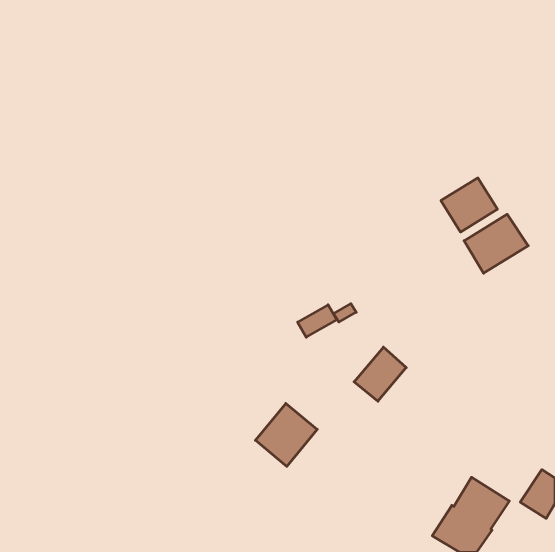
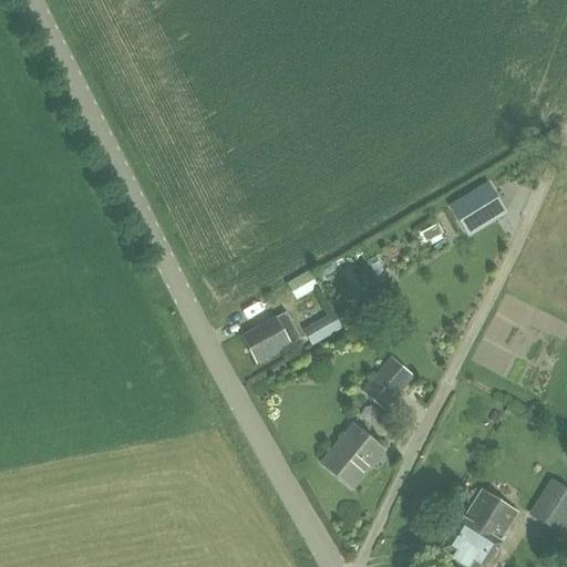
building: [464,214,528,273] -> none
building: none -> [244,308,301,361]
building: [255,403,317,466] -> [321,424,384,488]

